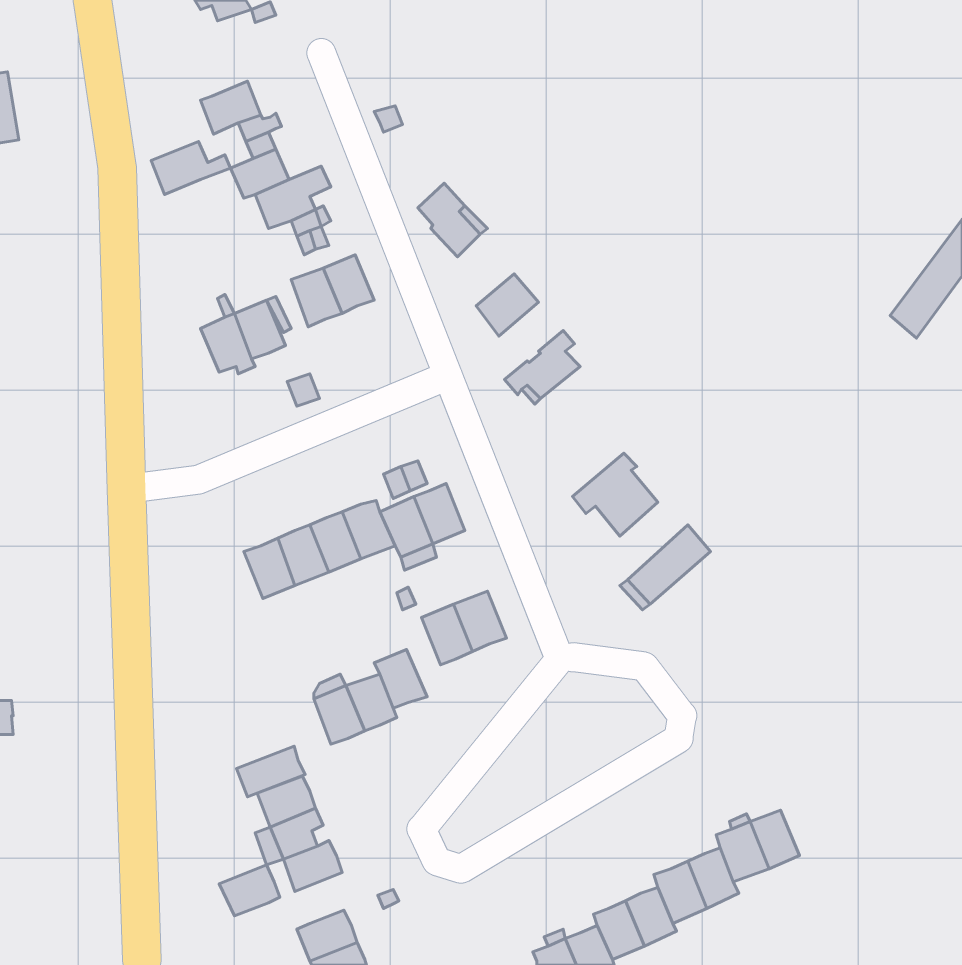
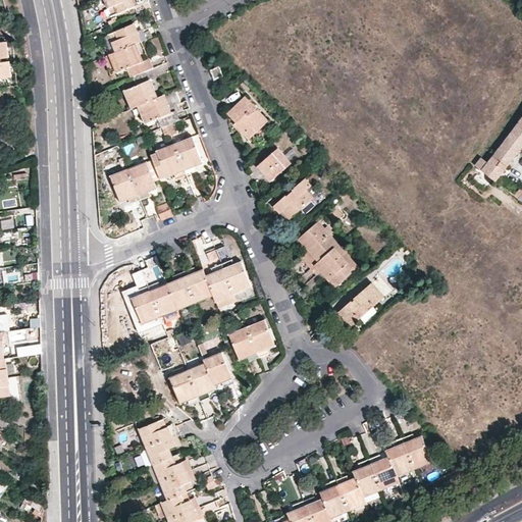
building: [151,142,231,195] -> [107,23,150,52]
building: none -> [298,222,336,268]
building: [236,746,305,797] -> none
building: [219,865,280,916] -> [159,471,192,499]

